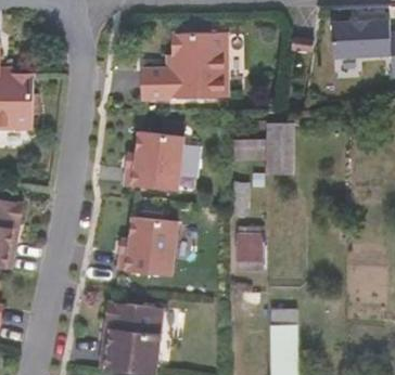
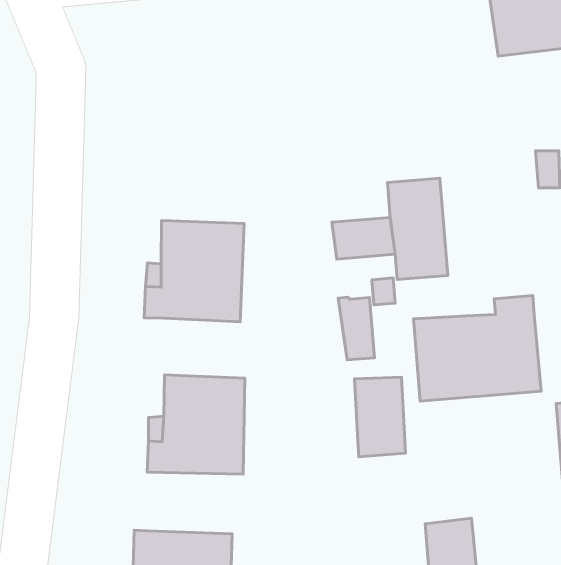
building: [142,33,227,99] -> none
building: none -> [414,295,541,401]

